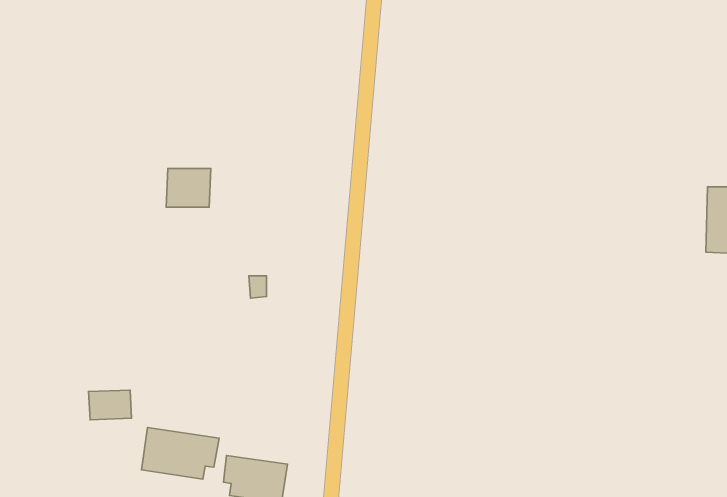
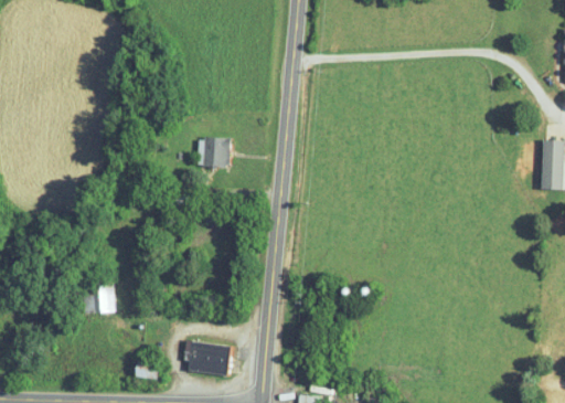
building: [166,168,211,207] -> [198,138,231,167]
building: [142,428,219,479] -> none

